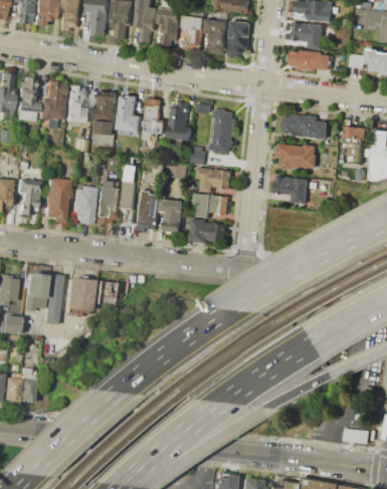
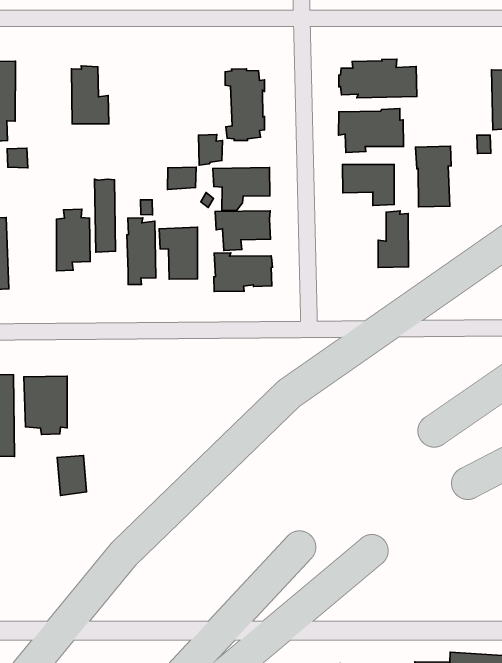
building: [88,90,116,135] -> none
building: [143,97,165,140] -> none
building: [167,100,191,140] -> none
building: [341,126,365,164] -> [416,146,451,207]
building: [70,186,96,224] -> none
building: none -> [378,211,409,268]
building: [93,281,111,304] -> [57,456,87,495]

